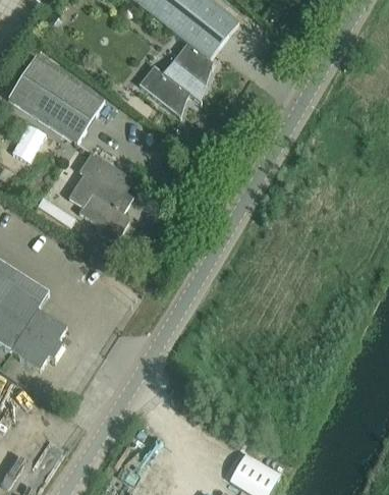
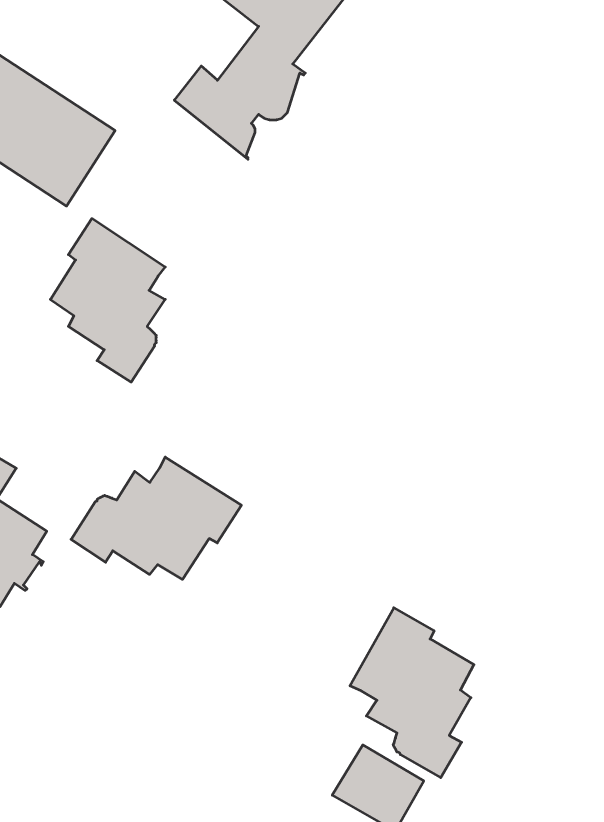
building: none -> [71,457,241,579]
building: none -> [350,608,474,778]

